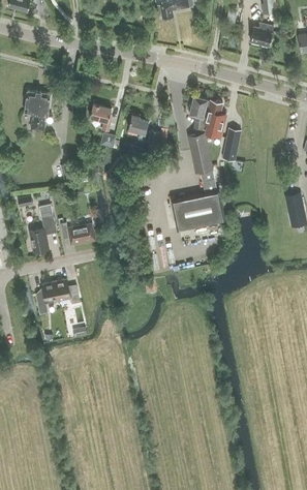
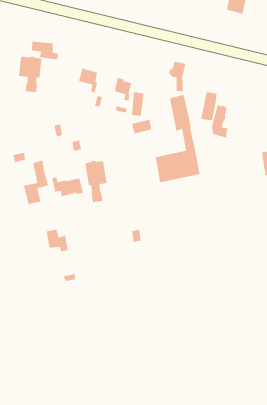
building: none -> [31,41,59,60]
building: [205,100,223,136] -> [211,105,228,138]
building: none -> [85,160,107,203]
building: [35,281,57,314] -> none

